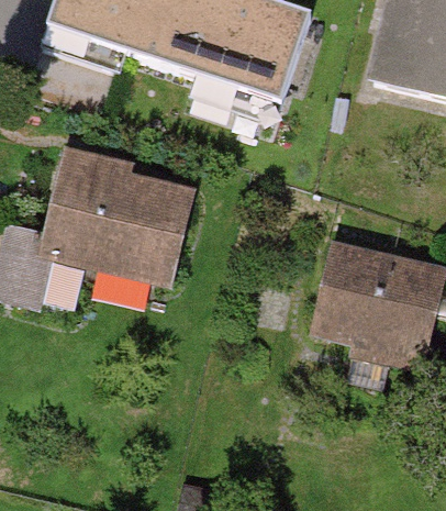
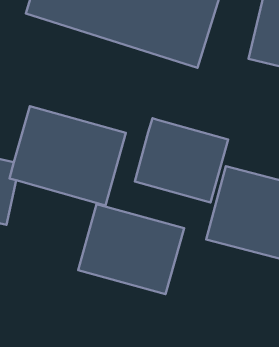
building: none -> [135,118,228,203]
building: none -> [78,204,184,294]

